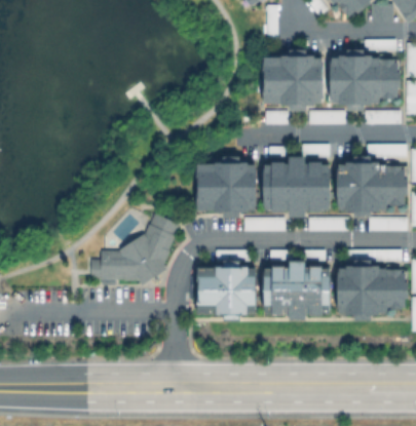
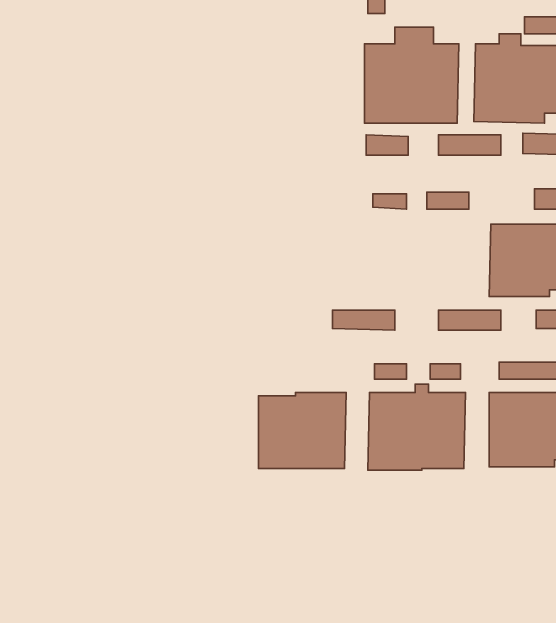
building: [266,158,327,215] -> none
building: [198,165,253,210] -> none
building: [88,211,180,284] -> none

